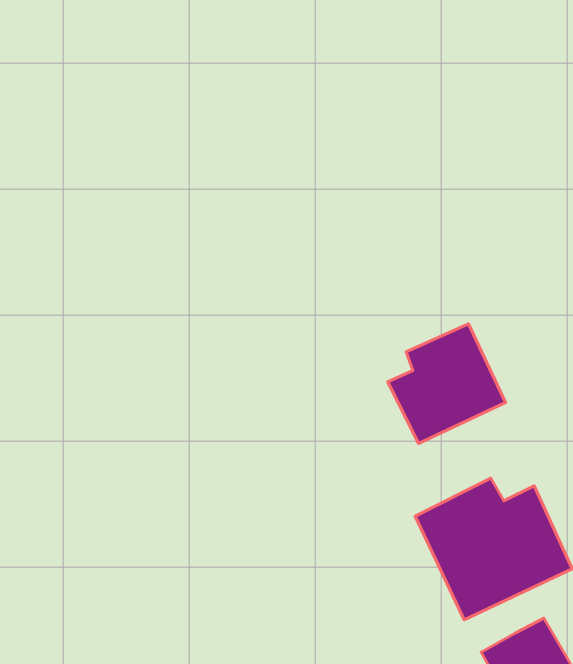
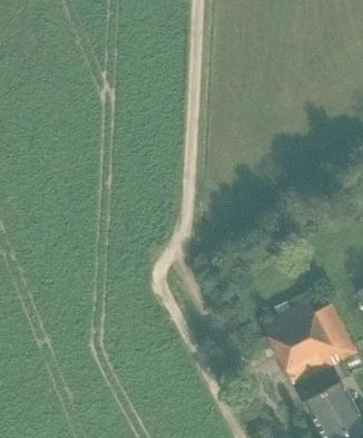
building: [388,324,506,444] -> none

